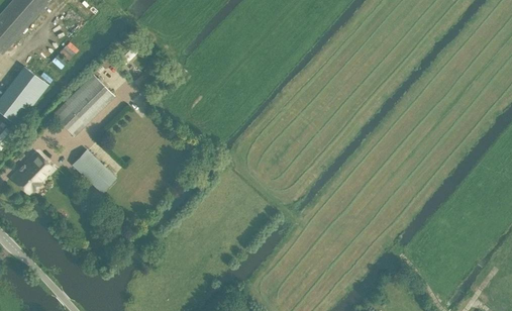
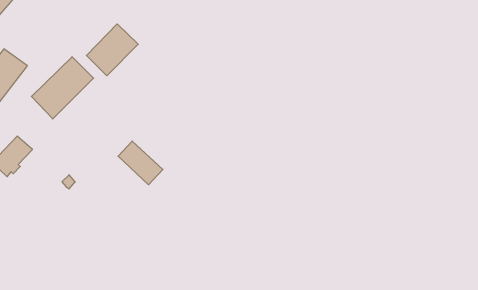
building: none -> [86,24,138,76]
building: [71,149,115,193] -> [118,141,163,185]

